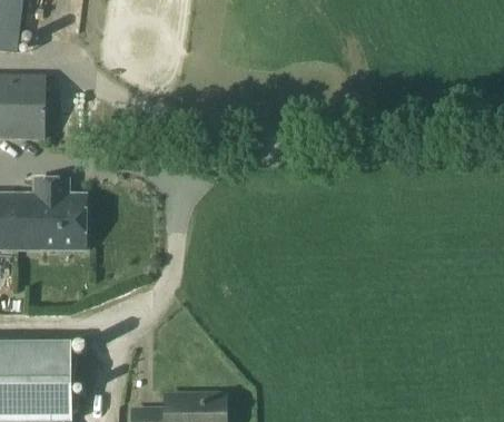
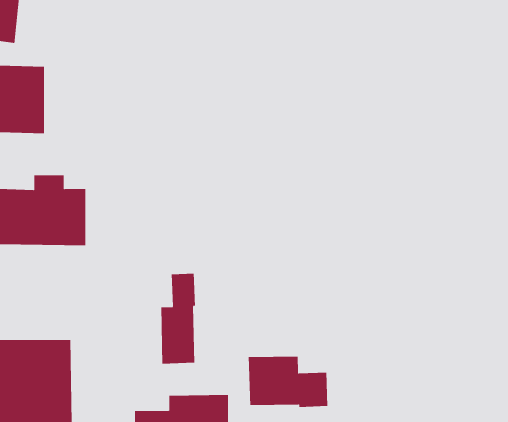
building: none -> [161,273,195,365]
building: none -> [248,356,328,408]

